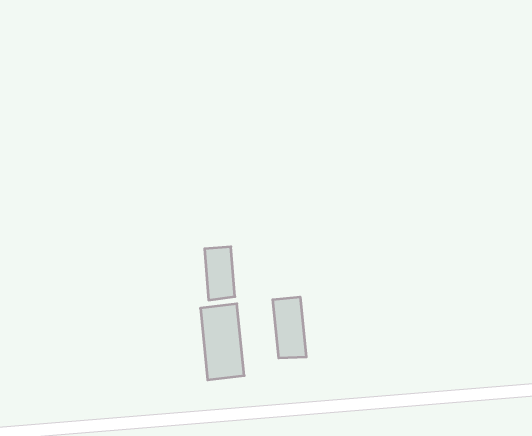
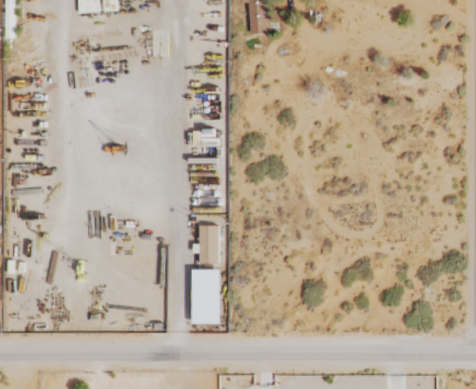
building: [273,297,306,358] -> none

